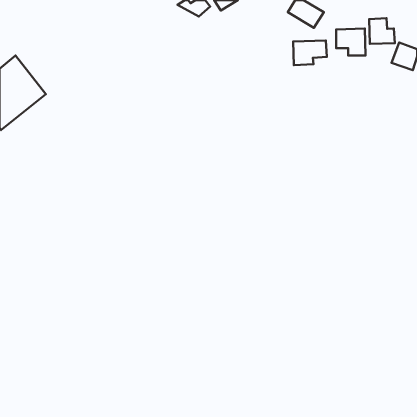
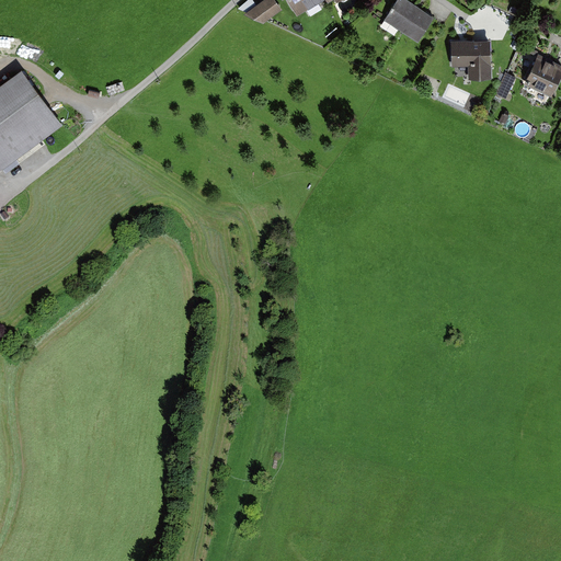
building: [369,18,395,44] -> none
building: [293,40,327,65] -> none

